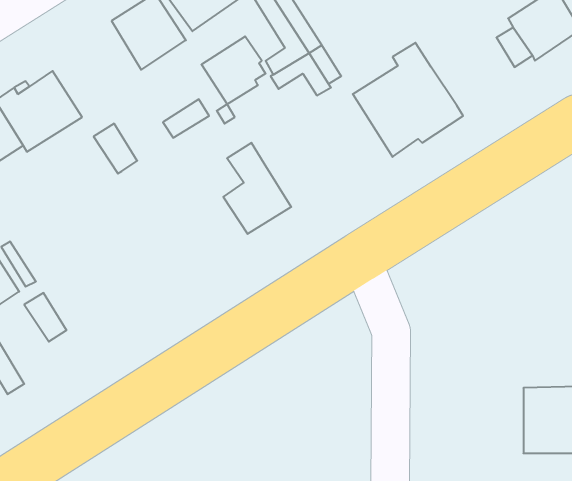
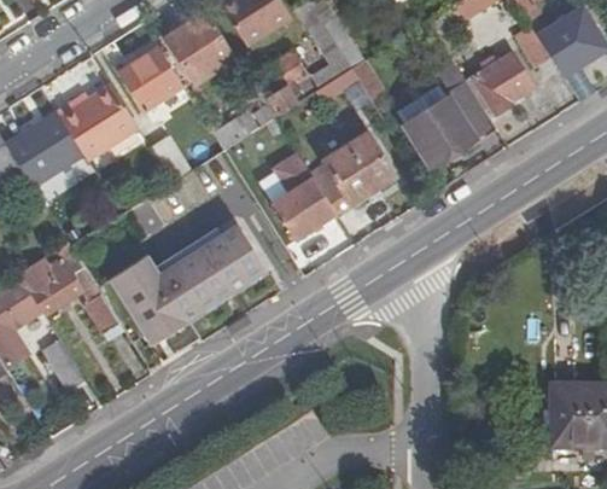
building: none -> [117,43,182,110]
building: none -> [466,53,532,118]
building: none -> [309,133,395,214]
building: none -> [109,222,267,343]

